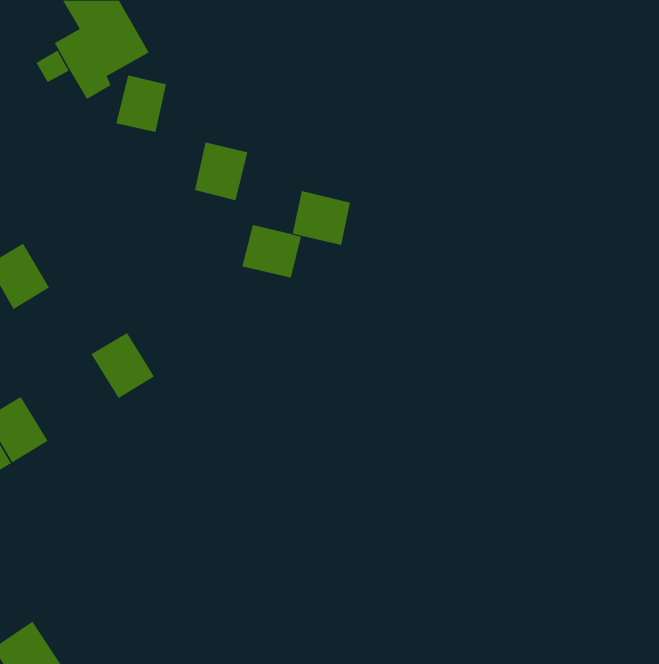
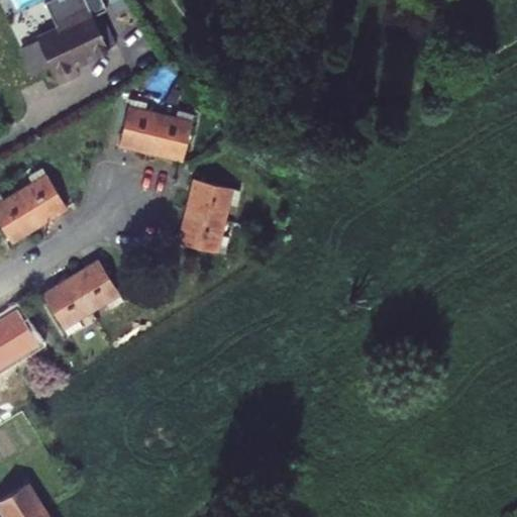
building: [116,75,167,133] -> [118,107,158,151]
building: [292,191,351,246] -> [179,210,224,252]
building: none -> [18,175,68,226]
building: none -> [40,278,91,330]

